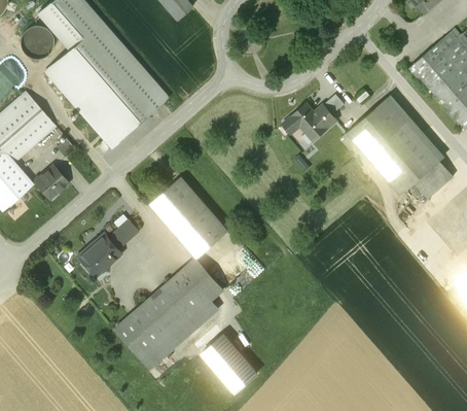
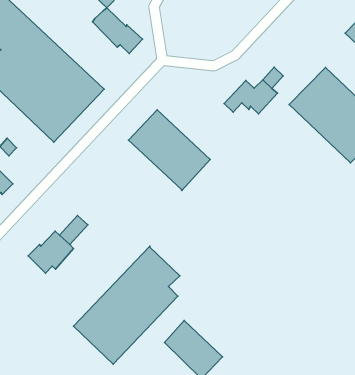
building: none -> [92,8,142,53]
building: [150,177,228,259] -> [129,110,210,190]

